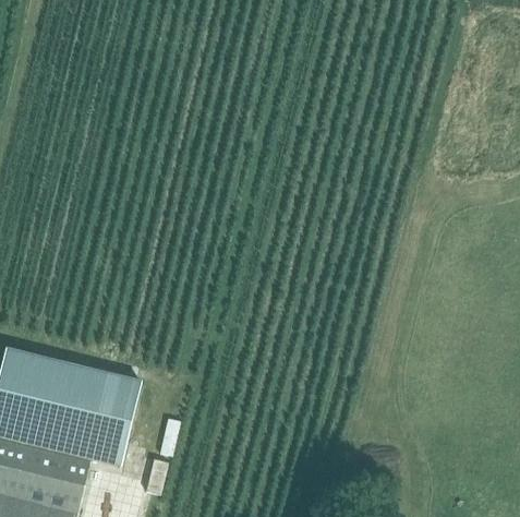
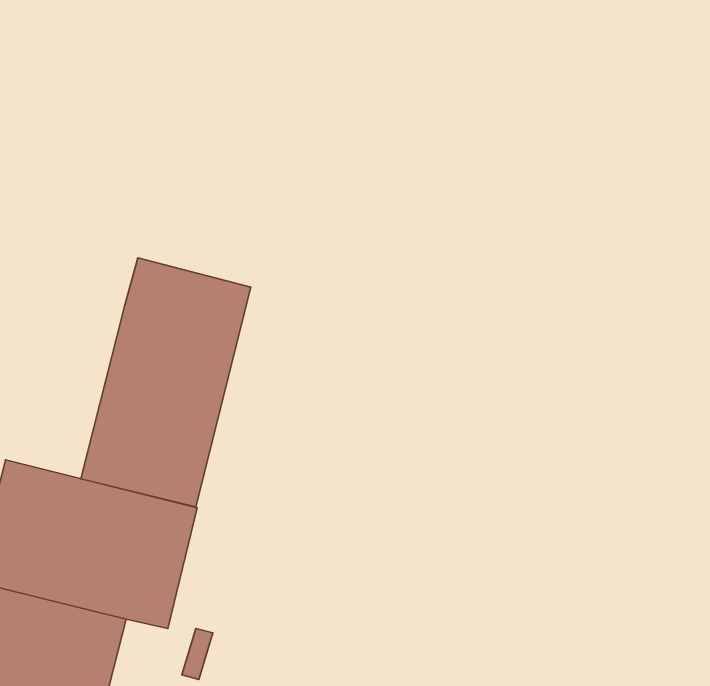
building: none -> [81,258,251,507]

